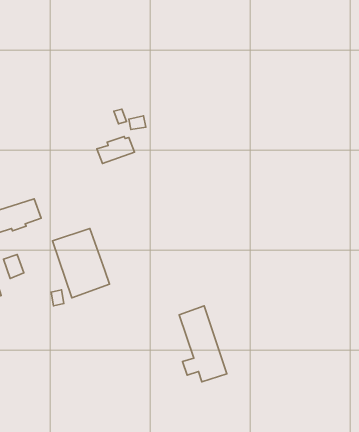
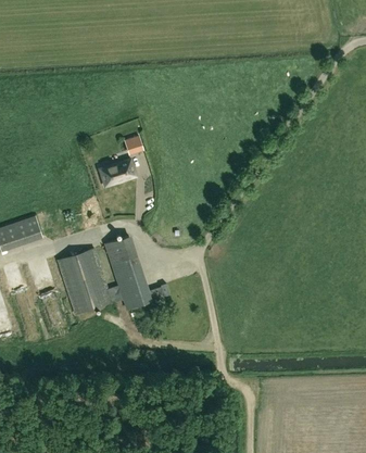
building: [179,306,227,382] -> [103,234,149,306]

